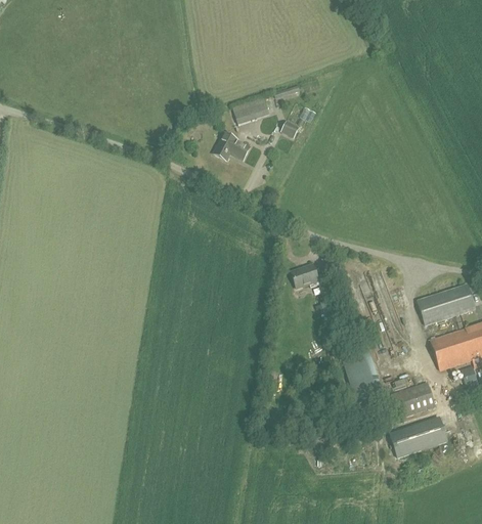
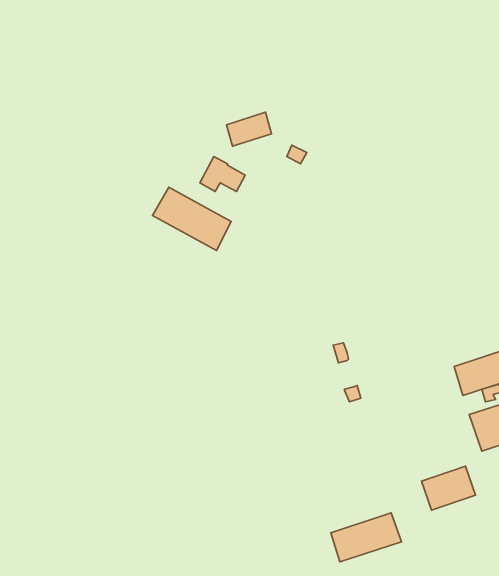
building: none -> [153,187,231,250]
building: [291,264,318,287] -> none
building: [390,417,447,456] -> [331,513,401,562]

